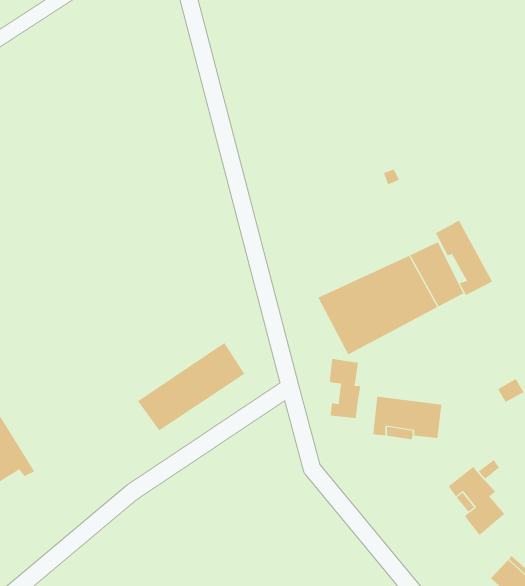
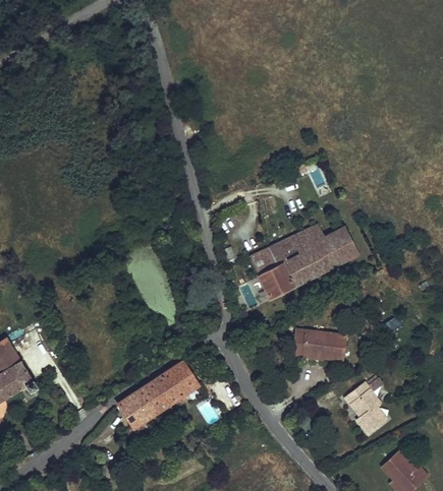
building: [435,220,493,296] -> none
building: [137,342,245,431] -> [118,361,199,427]
building: [329,358,361,419] -> none

